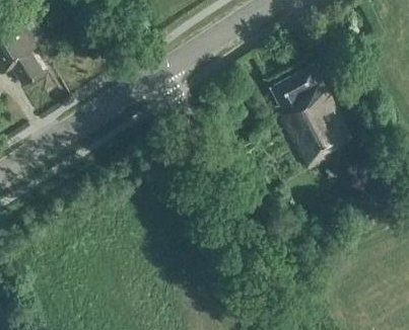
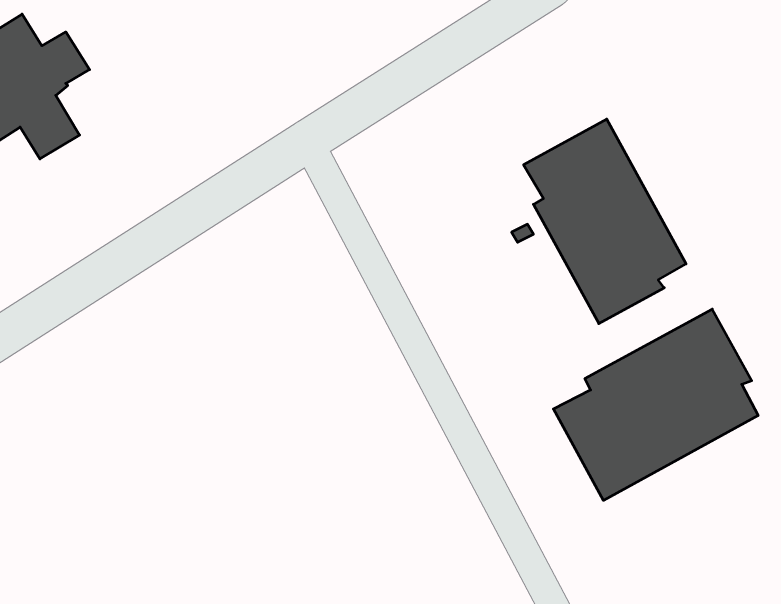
building: none -> [553,309,758,500]

